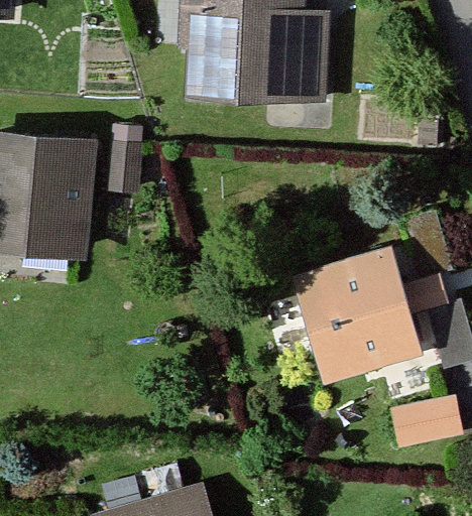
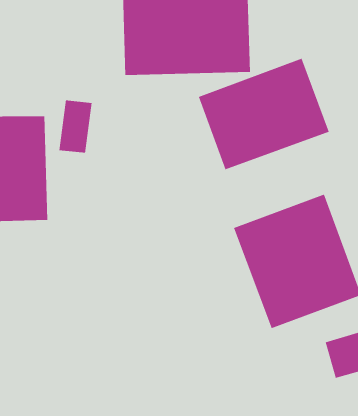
building: none -> [198,58,330,170]

